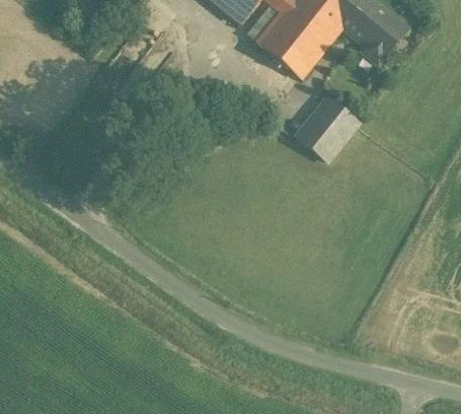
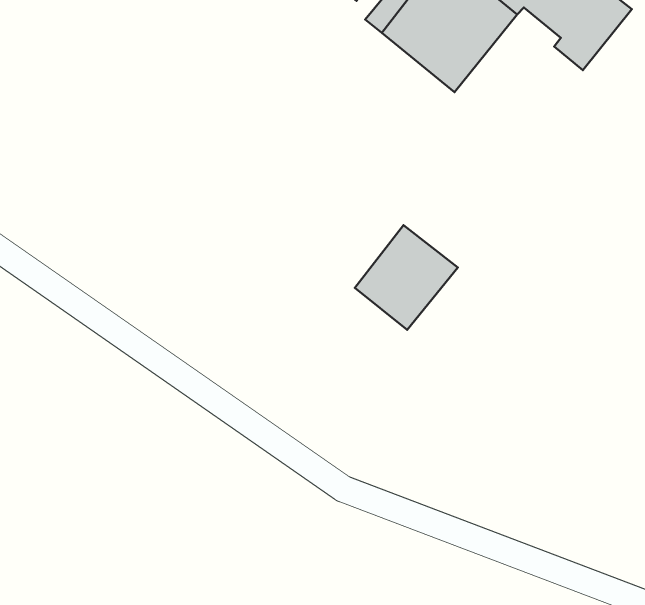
building: [297,95,359,158] -> [355,225,458,330]

